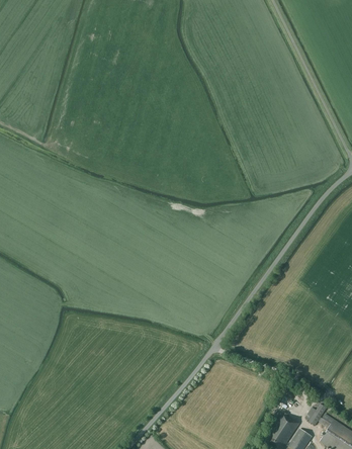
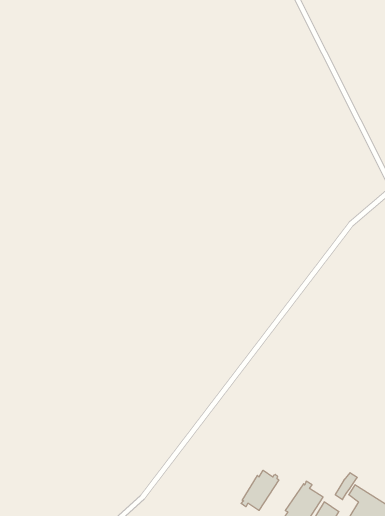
building: none -> [241,470,279,510]

